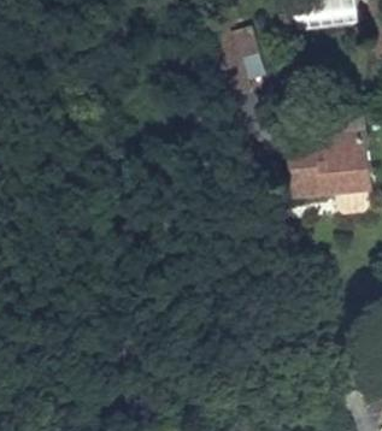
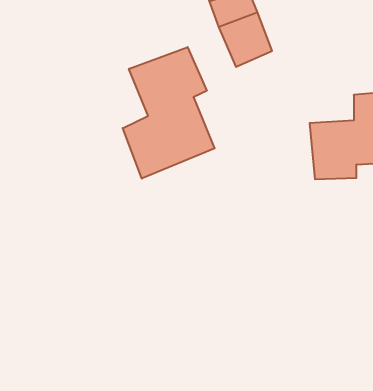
building: none -> [123,47,215,179]

